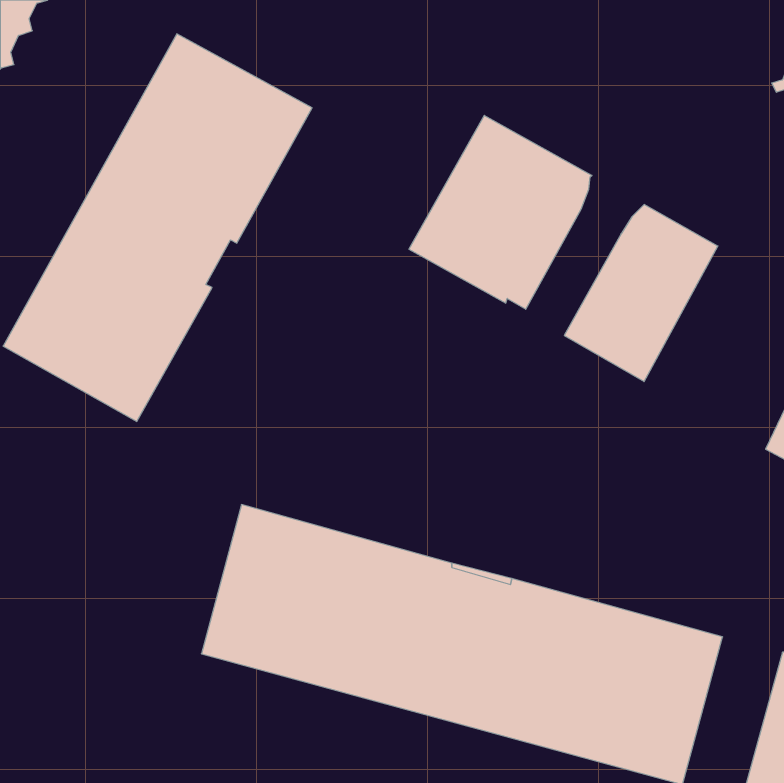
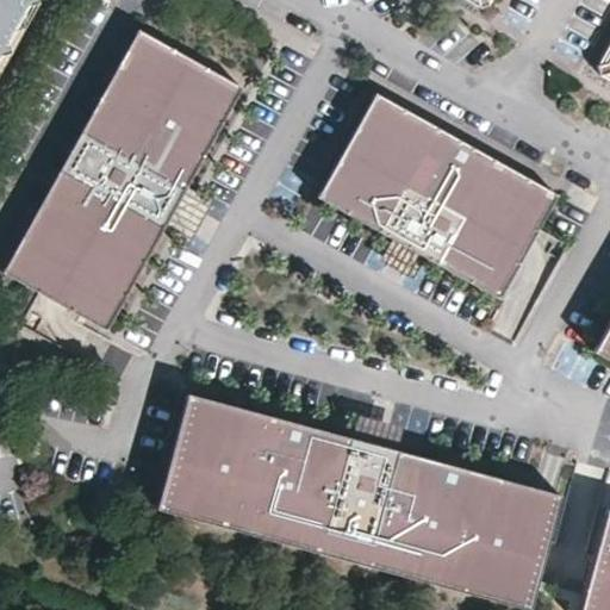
building: none -> [409,138,500,262]

